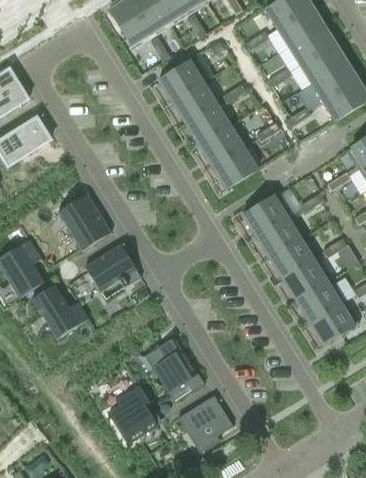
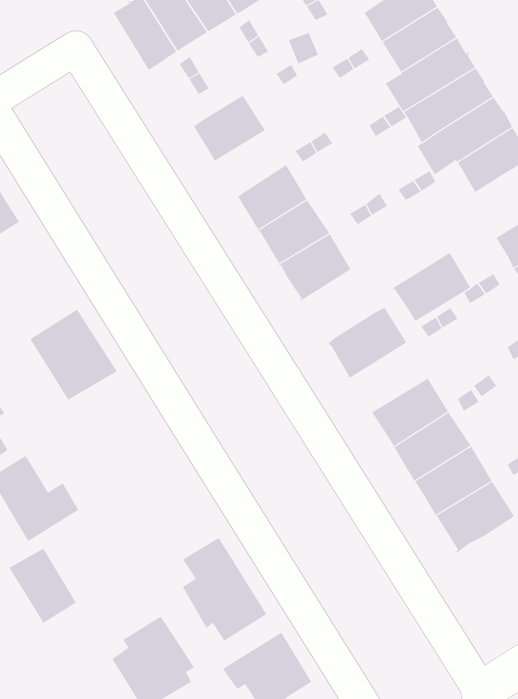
building: [171,83,217,125] -> none
building: [255,215,305,259] -> [391,252,471,323]
building: [84,244,141,292] -> none
building: none -> [8,548,78,626]

